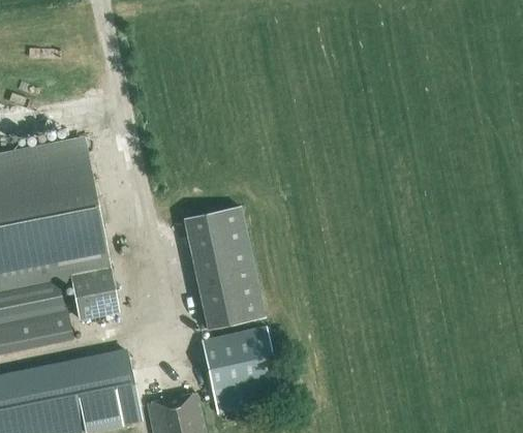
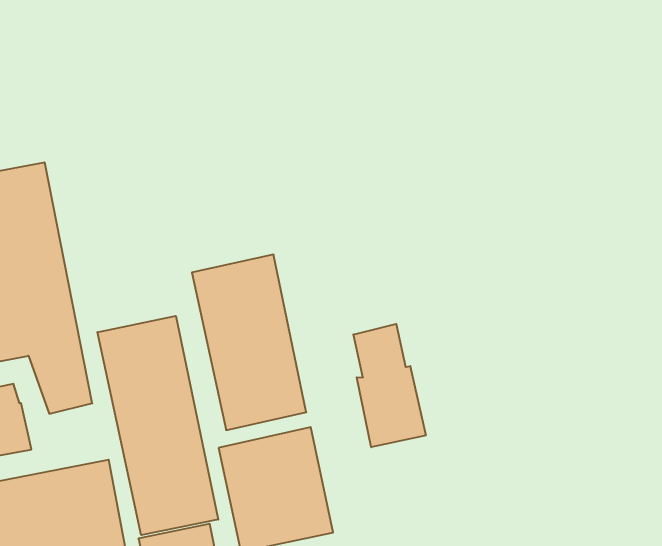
building: none -> [97,316,218,535]
building: none -> [353,324,426,447]

